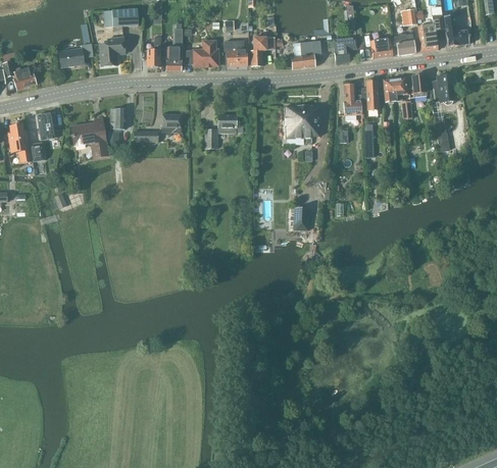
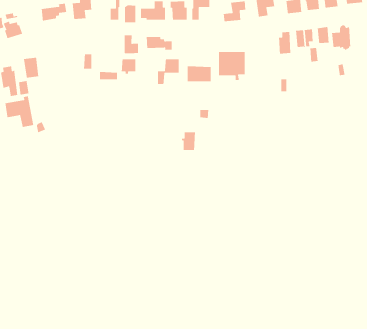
building: [343,83,361,114] -> none
building: none -> [124,34,139,54]
building: none -> [146,36,172,51]
building: [70,116,108,157] -> [4,96,34,128]
building: none -> [187,65,212,82]
building: [290,207,308,231] -> [181,131,196,151]

